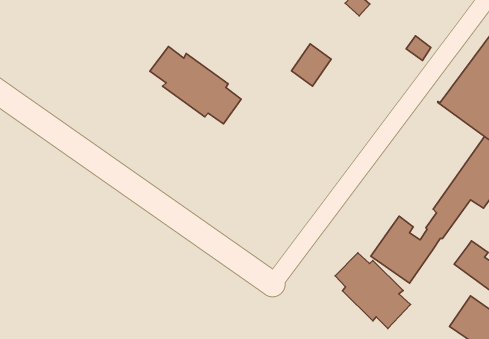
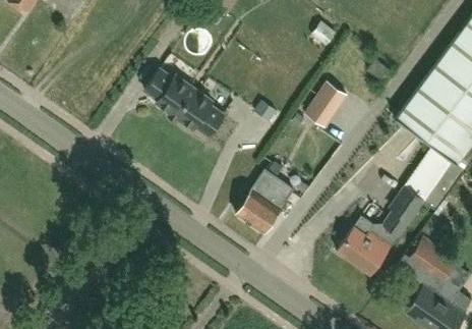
building: [291,44,331,86] -> [311,80,346,117]
building: none -> [235,169,293,232]
building: [335,253,410,328] -> none

